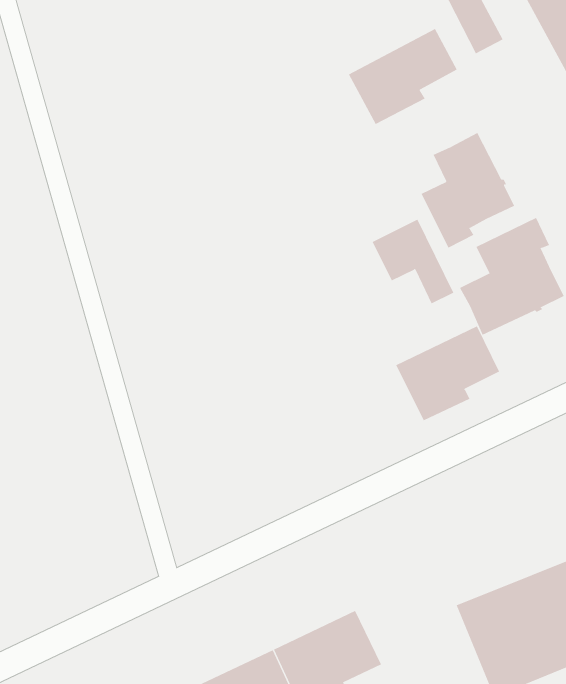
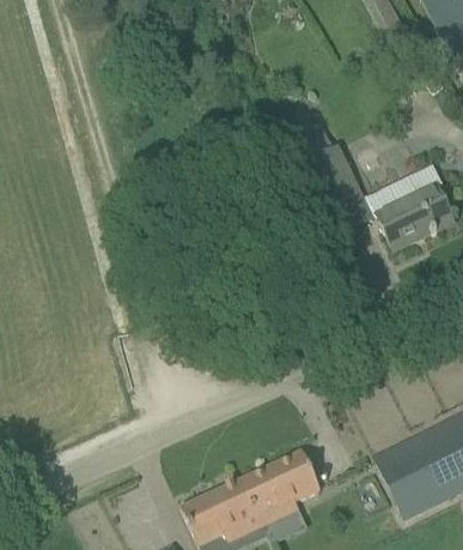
building: [348,28,457,125] -> none
building: [421,132,515,249] -> none
building: [396,325,500,421] -> none

